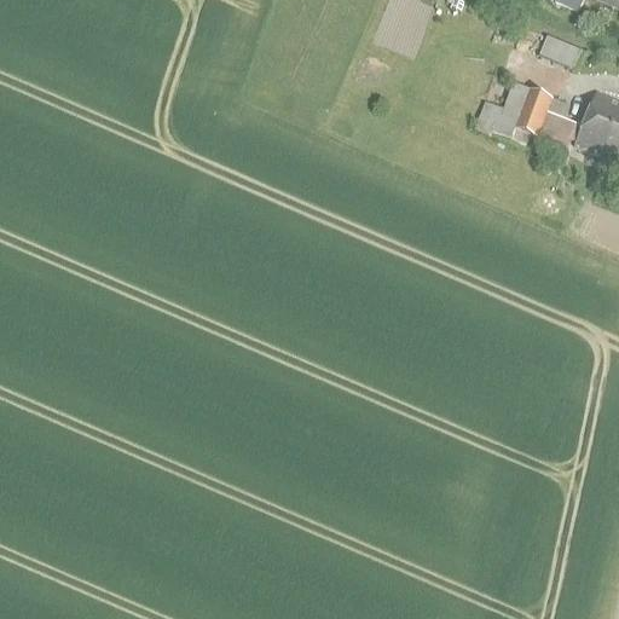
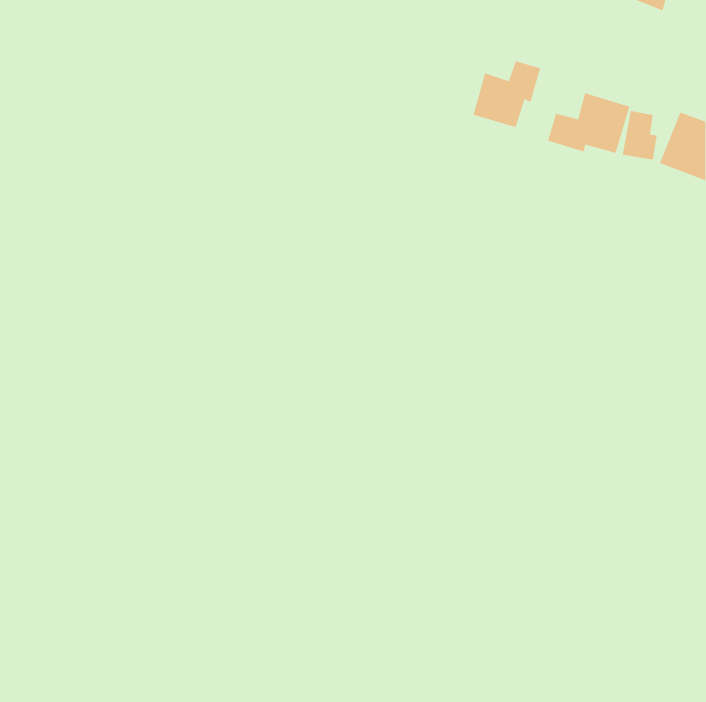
building: [540,33,578,65] -> none
building: none -> [473,60,541,128]

